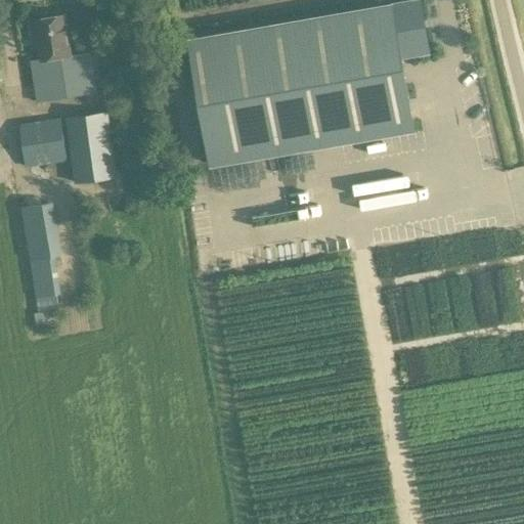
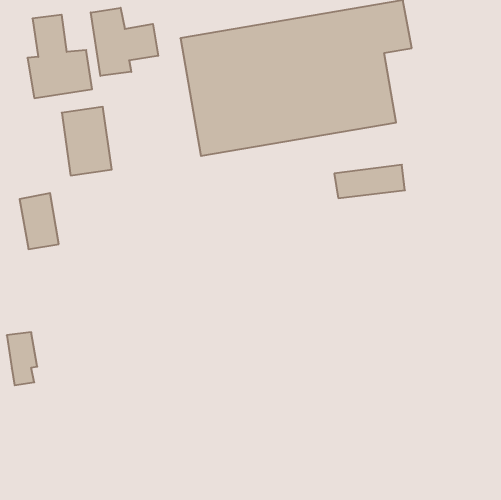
building: none -> [91,8,158,76]
building: [19,120,67,167] -> none
building: [30,259,61,314] -> [7,332,37,385]

